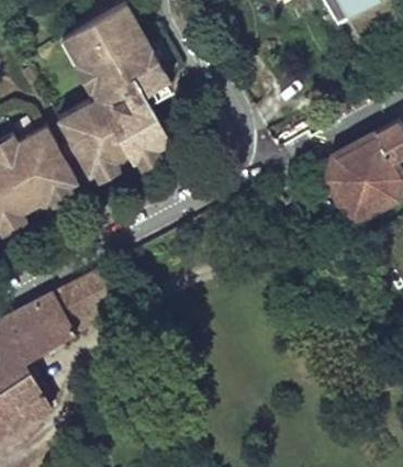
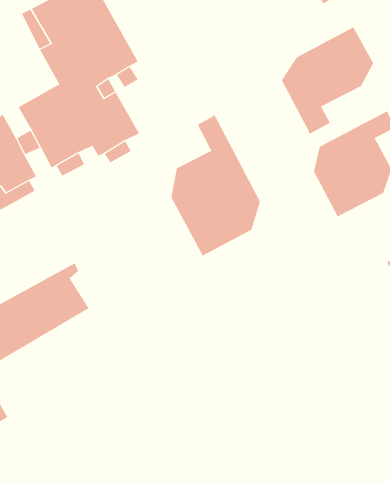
building: none -> [281,27,374,135]
building: none -> [171,115,260,256]

